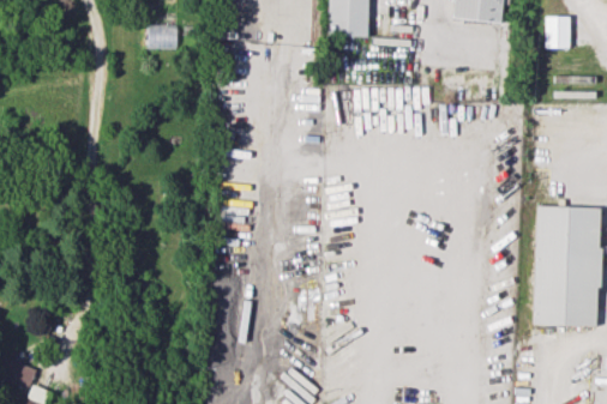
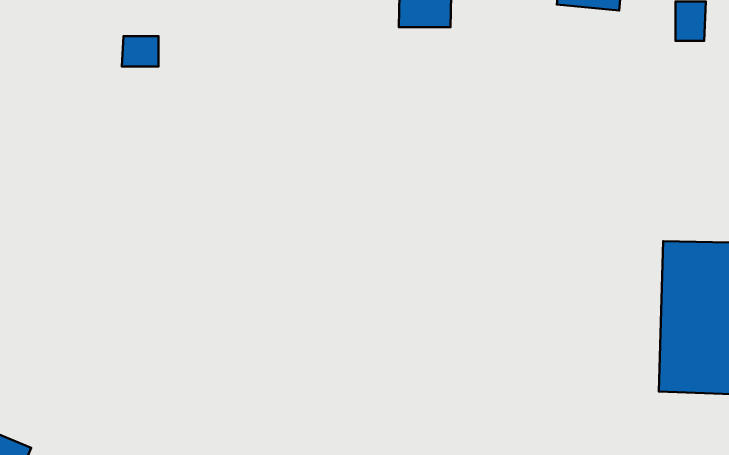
building: [148,24,176,48] -> [122,36,158,66]

